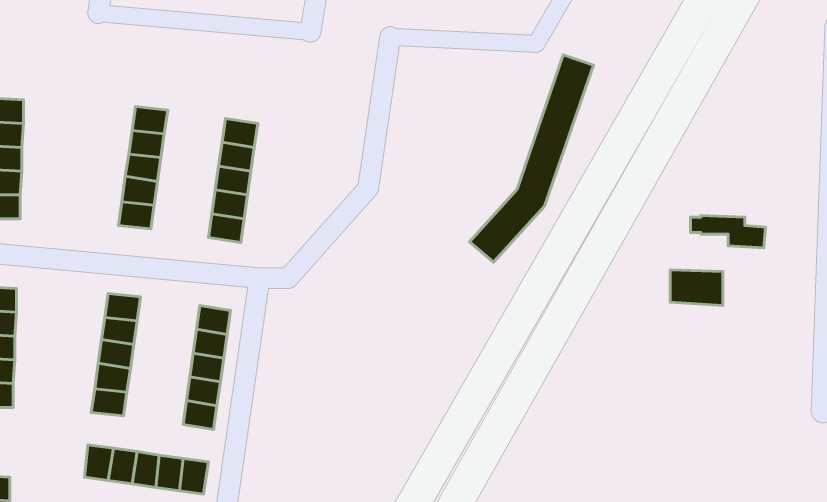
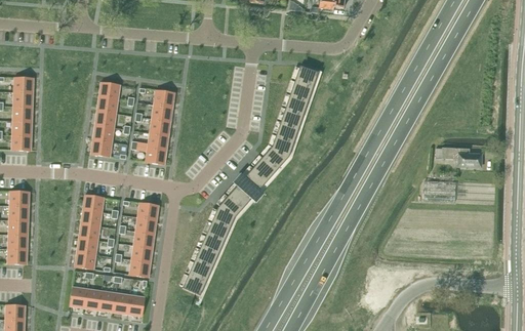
building: [470,55,594,262] -> [243,66,318,191]
building: none -> [181,184,252,295]

